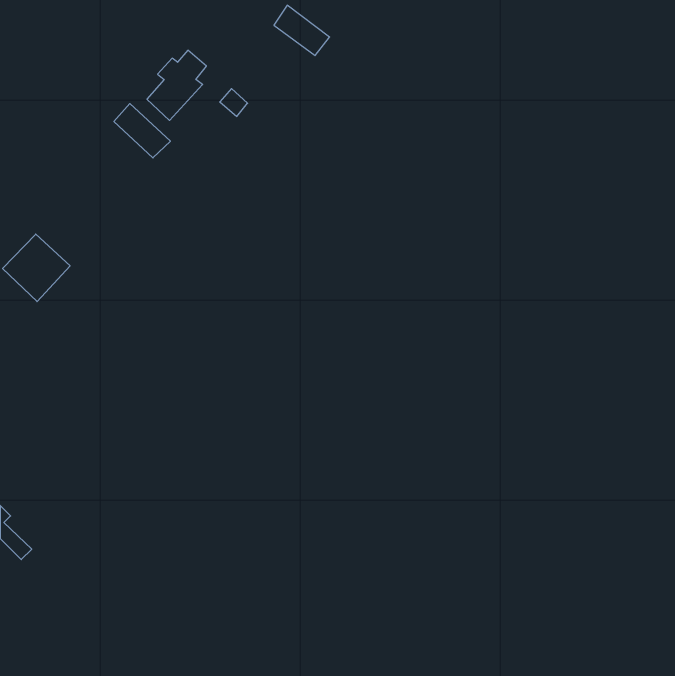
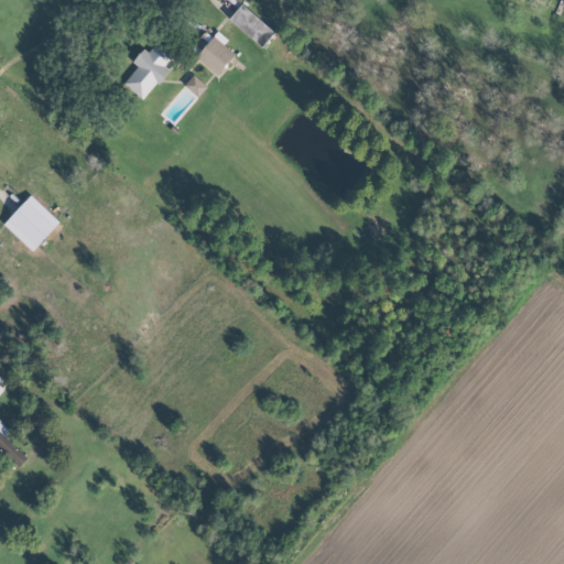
building: none -> [196,36,235,75]
building: [114,104,170,158] -> none

